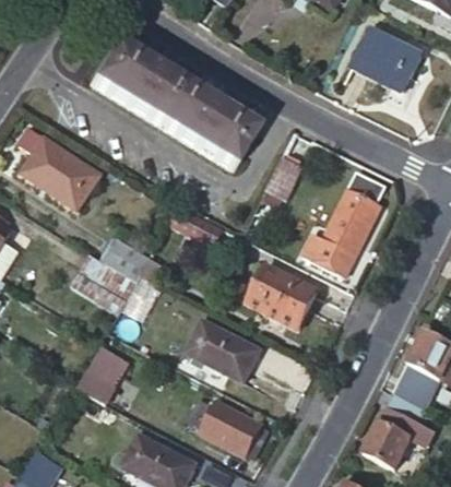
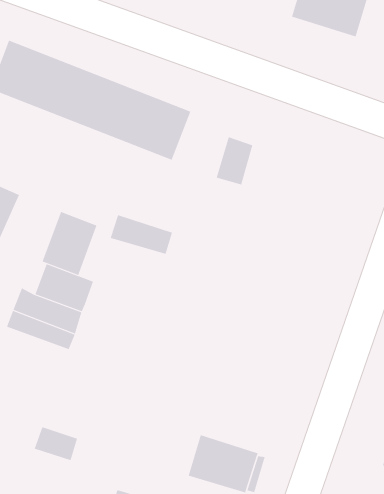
building: [304,189,381,276] -> none
building: none -> [42,211,97,276]
building: [247,264,317,329] -> none
building: [187,321,260,381] -> none
building: [85,343,129,387] -> none

